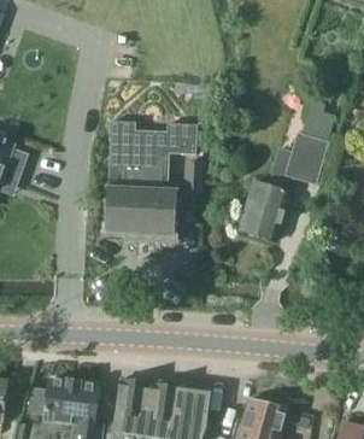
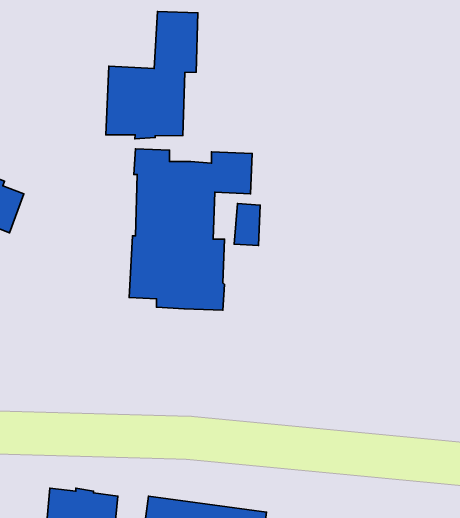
building: none -> [106,11,198,139]
building: [240,89,336,242] -> none

